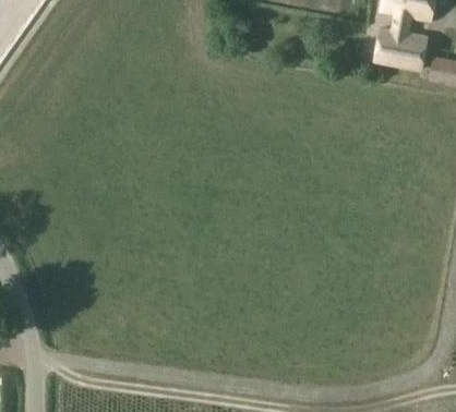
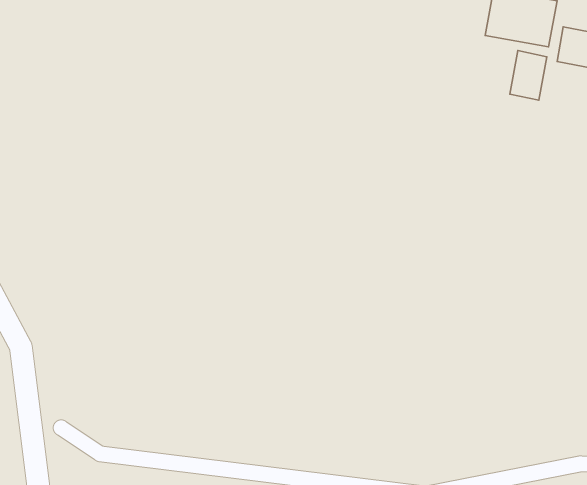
building: none -> [510,51,547,100]

